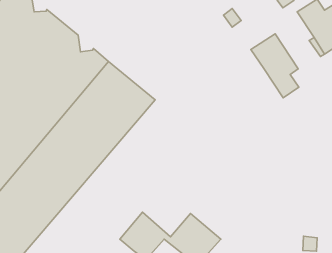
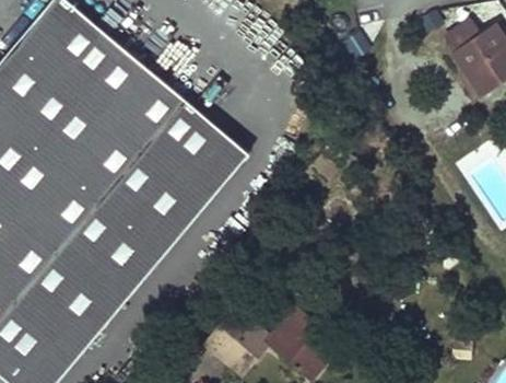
building: [251,34,299,98] -> none

